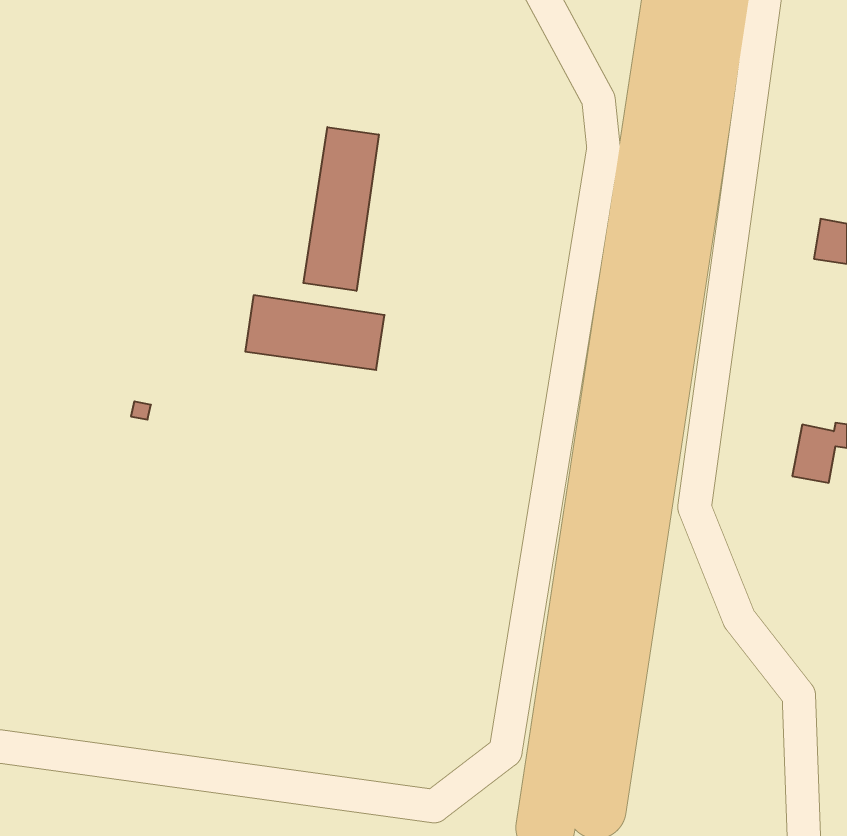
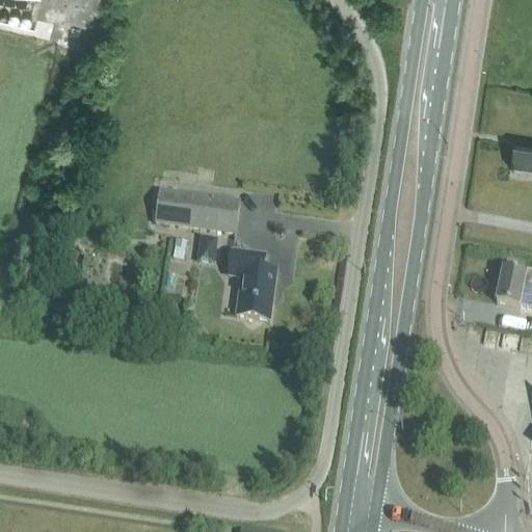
building: [303,127,379,291] -> none
building: none -> [230,246,276,317]

